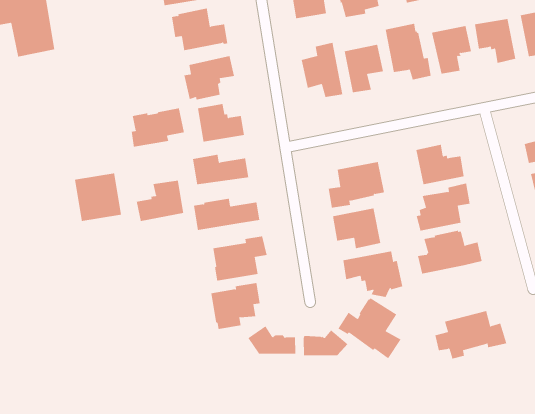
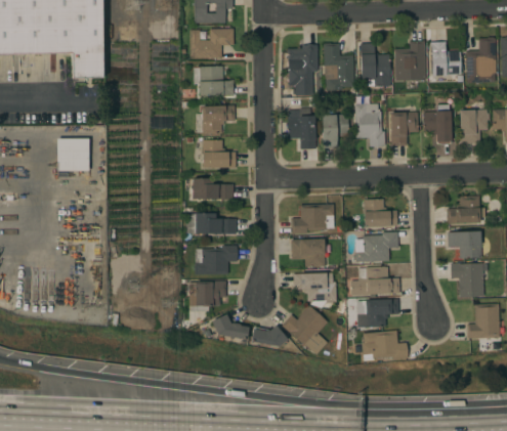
building: [131,107,185,147] -> none
building: [74,173,122,222] -> [56,138,88,171]
building: [136,180,184,222] -> none
building: none -> [356,299,398,328]

